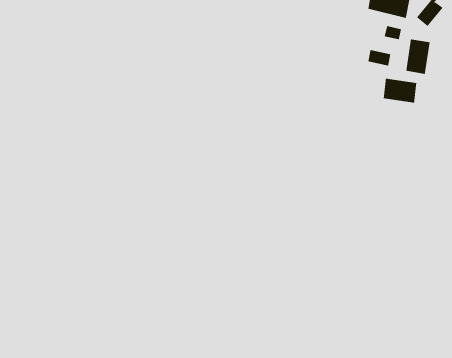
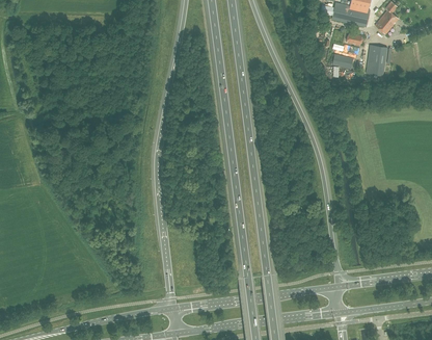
building: [383,78,417,103] -> none

